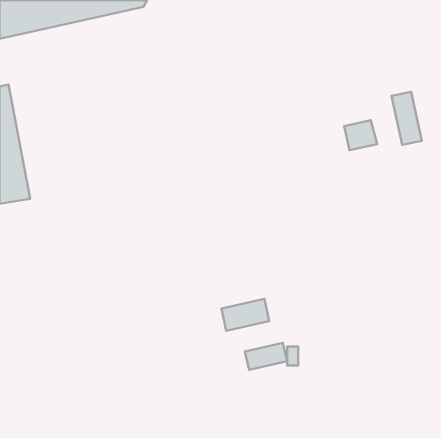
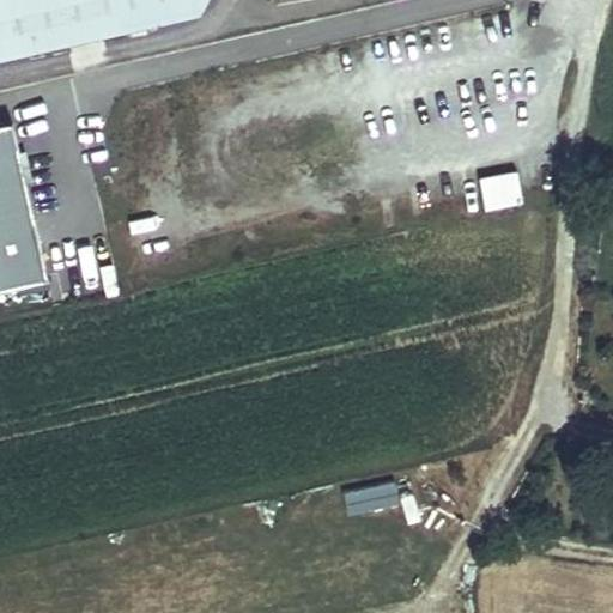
building: [391,92,422,145] -> none
building: [221,299,269,331] -> none

